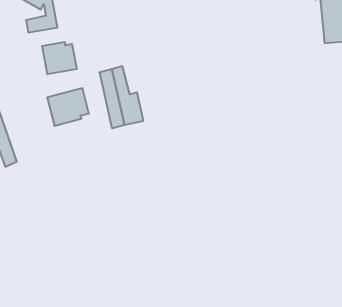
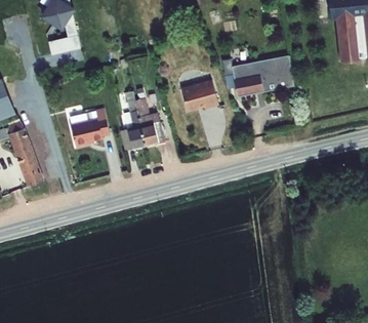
building: none -> [222,57,292,96]
building: [42,42,77,74] -> none
building: none -> [180,80,217,112]

